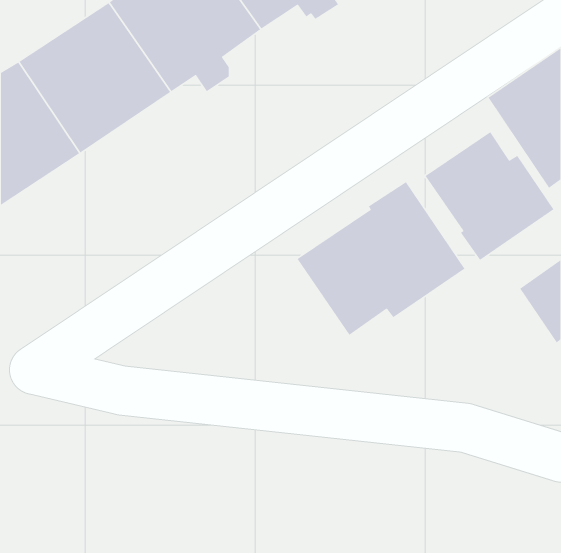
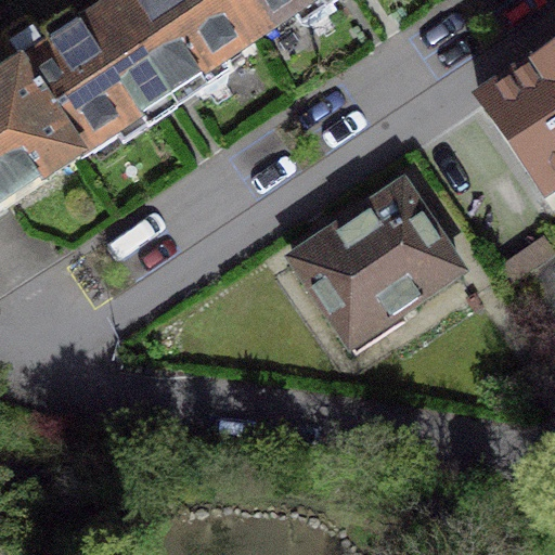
building: [425,131,555,261] -> none

